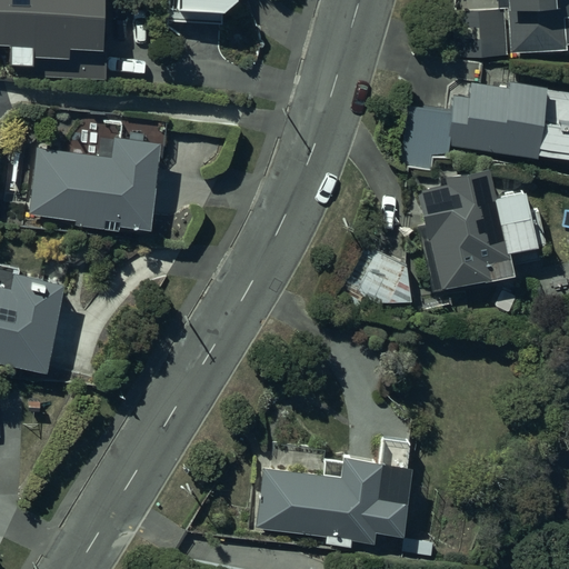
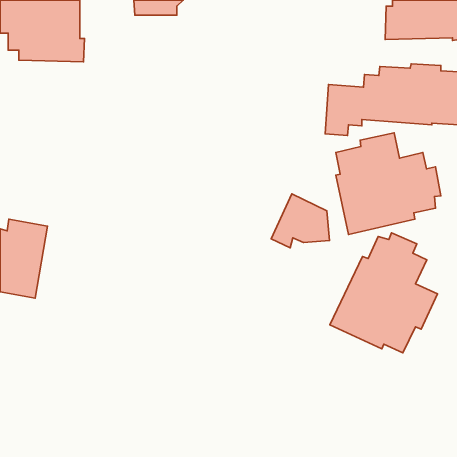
building: [30,136,160,234] -> none
building: none -> [330,233,437,353]
building: [258,438,411,548] -> none

